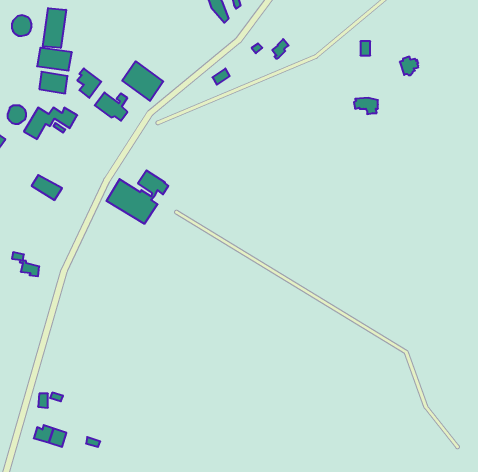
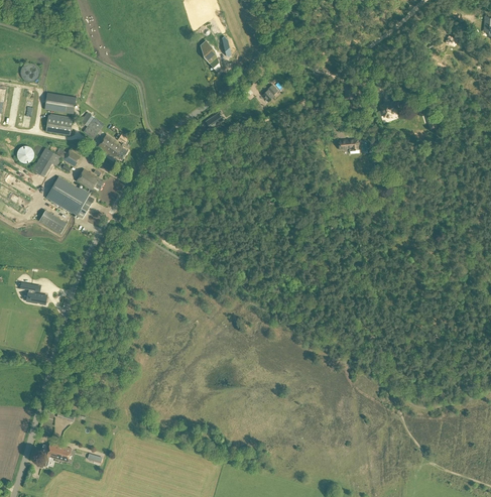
building: [43,8,66,48] -> none
building: [122,61,163,101] -> none
building: [106,170,168,224] -> [46,168,104,218]

